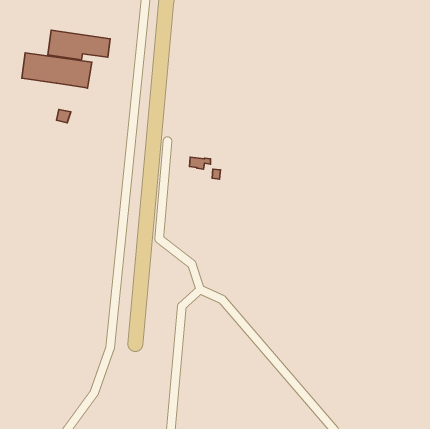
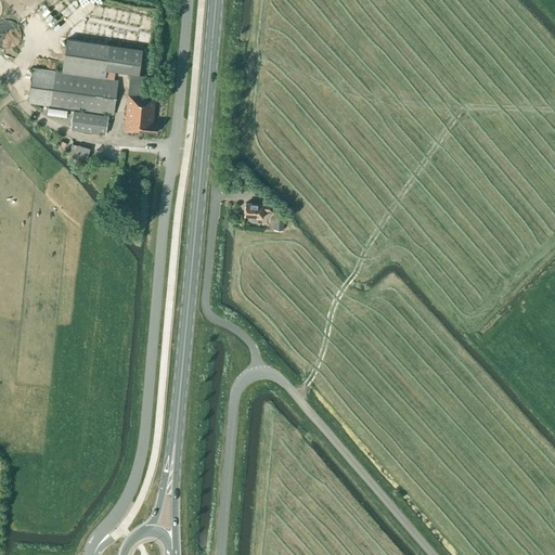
building: none -> [125,94,157,133]
building: none -> [70,108,109,137]

